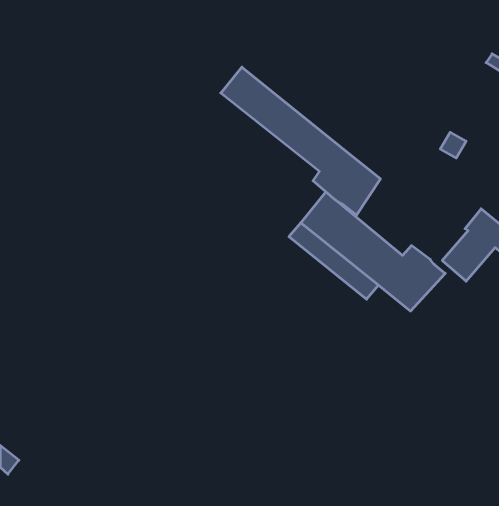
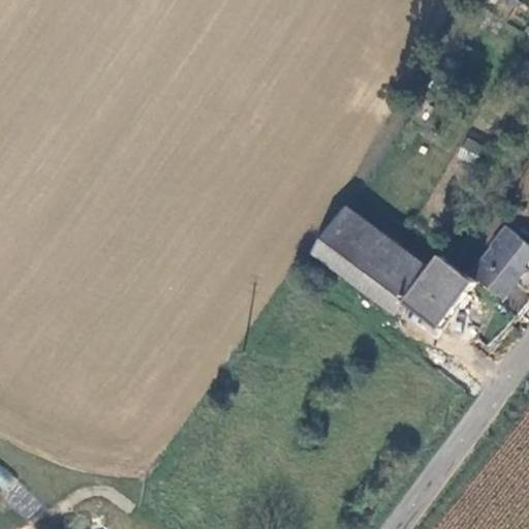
building: [221,67,380,215] -> none

